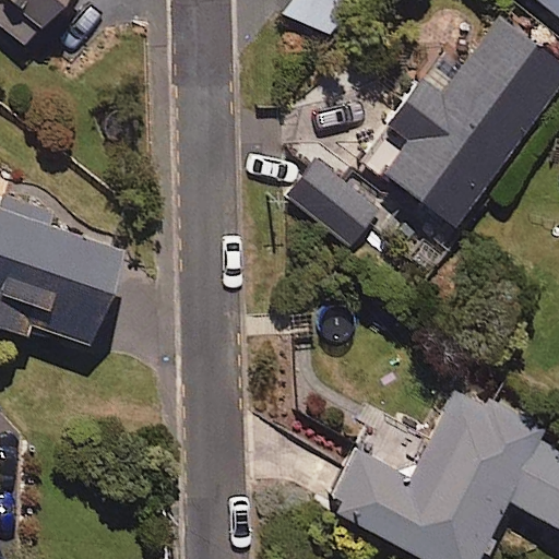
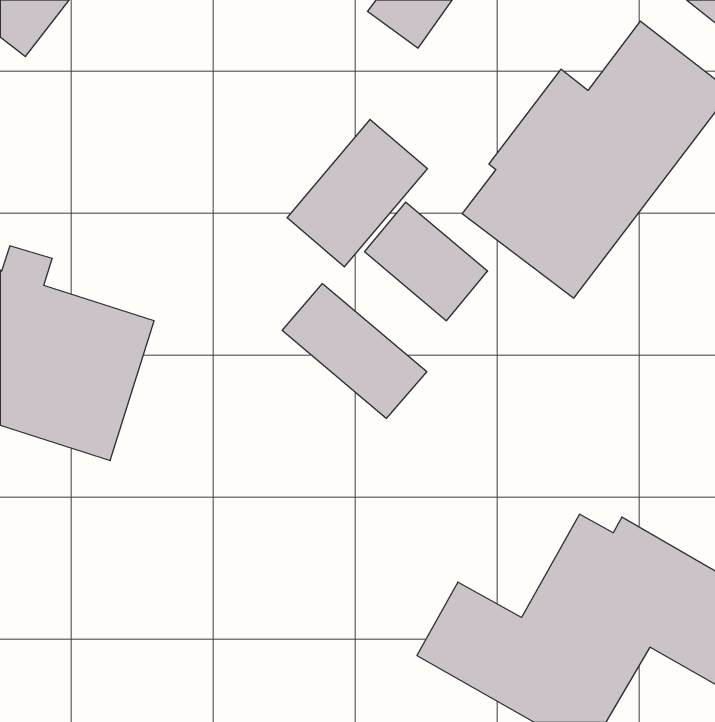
building: none -> [287,119,427,267]
building: none -> [282,284,427,418]

